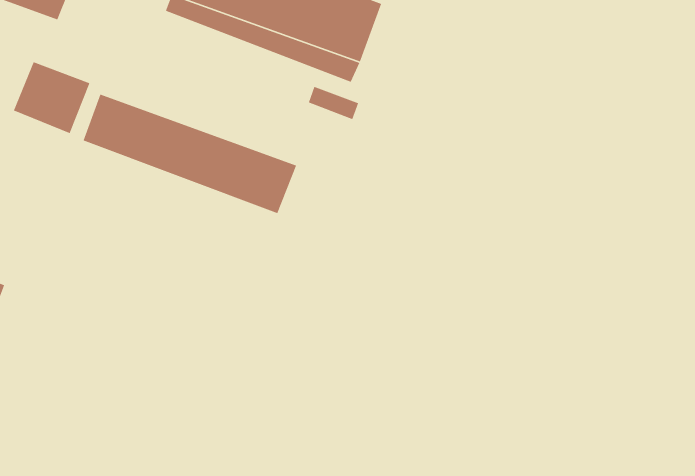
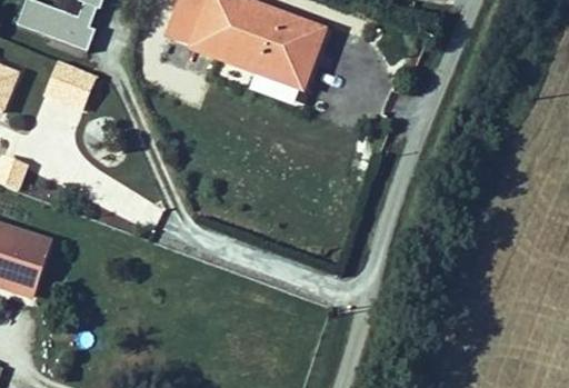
building: [82,94,297,214] -> none

